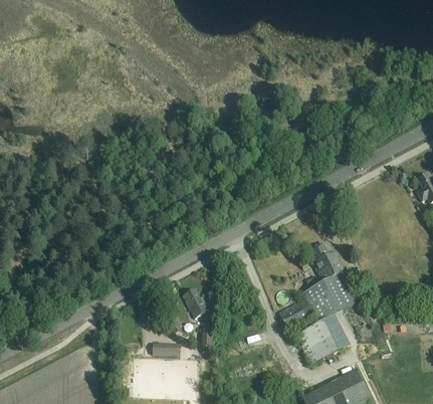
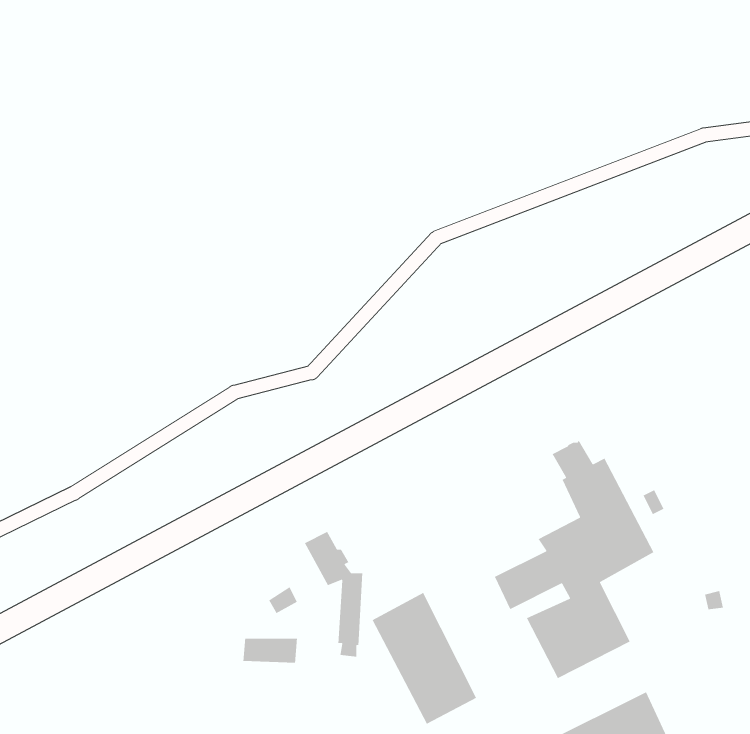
building: none -> [372,592,477,725]

